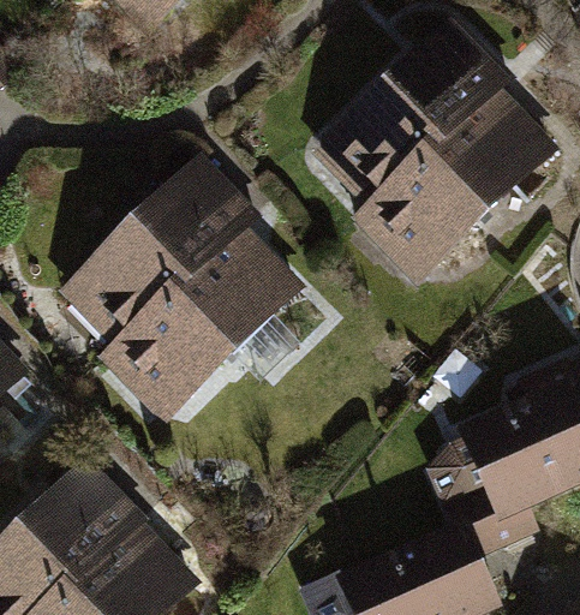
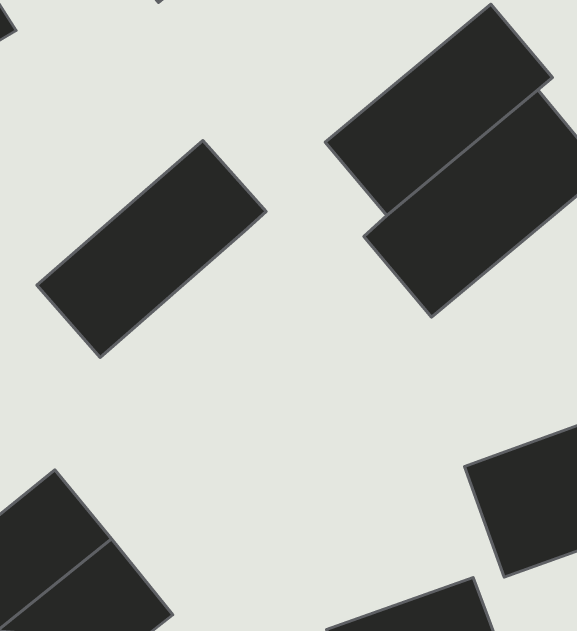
building: [103,229,300,428] -> none

